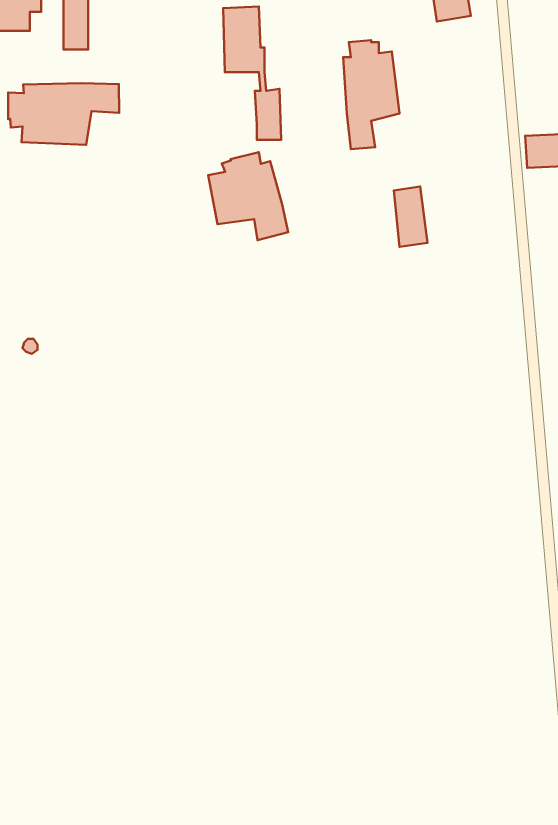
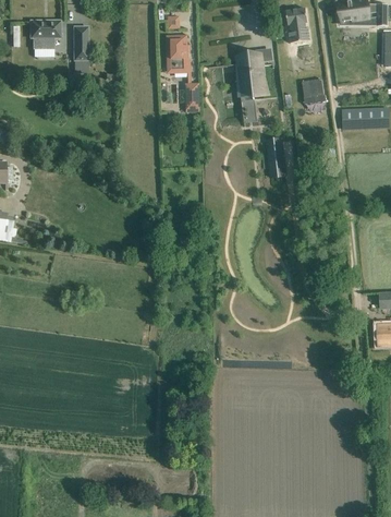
building: [8,83,119,145] -> none
building: none -> [304,80,328,104]
building: [208,152,288,240] -> none

